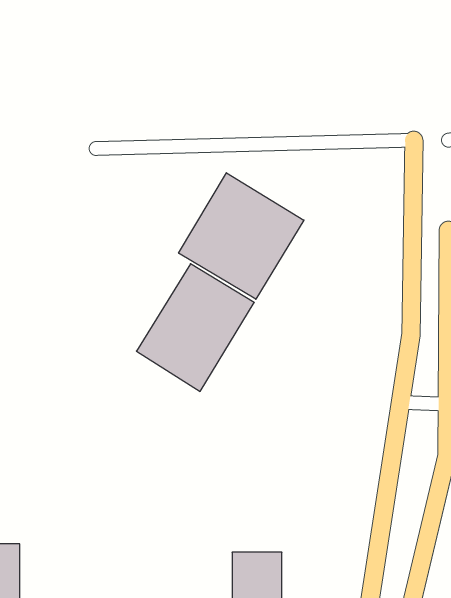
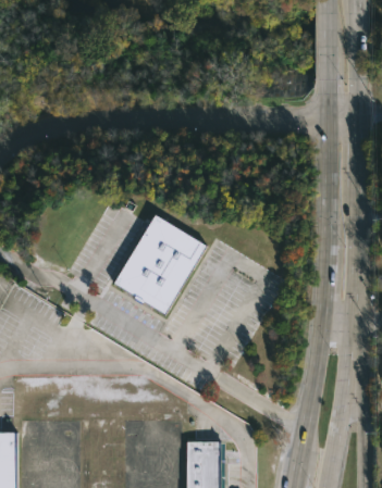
building: [179,173,304,299] -> none

